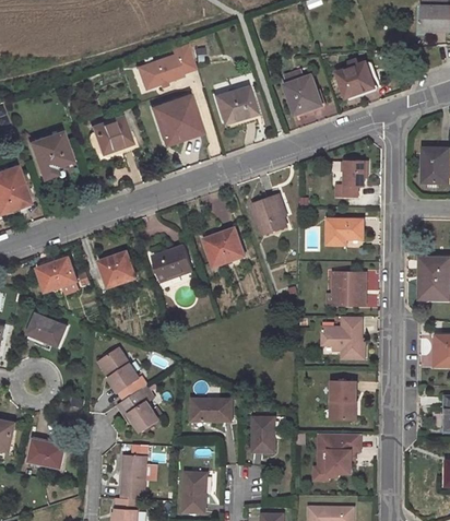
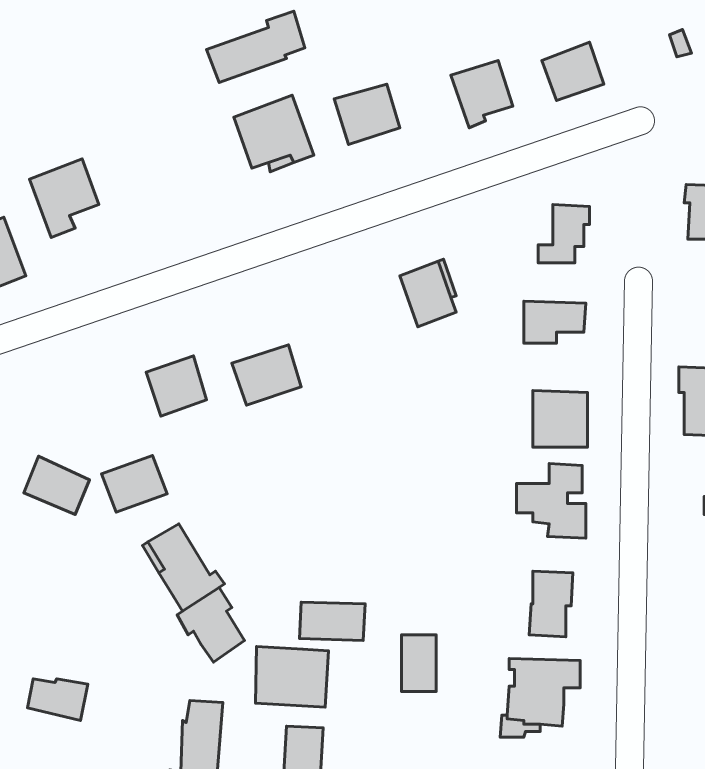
building: [92,115,132,153] -> none
building: [203,226,245,265] -> none
building: [37,258,76,292] -> [102,455,167,512]
building: none -> [256,647,328,707]

